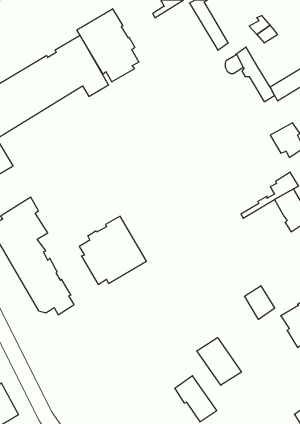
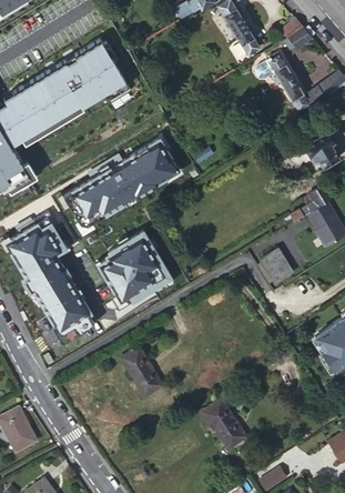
building: [77,9,139,82] -> none
building: none -> [63,139,179,227]
building: [244,286,275,319] -> [261,249,293,284]
building: none -> [121,346,163,398]
building: [197,338,241,385] -> none

